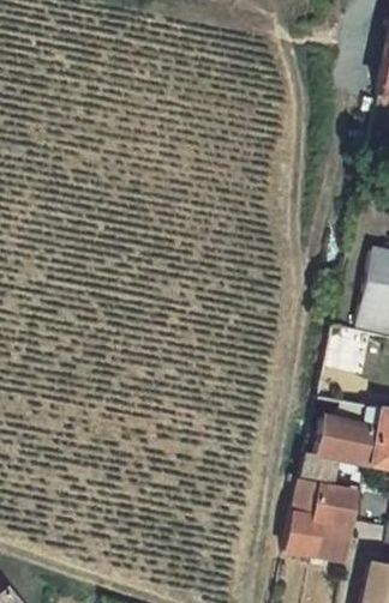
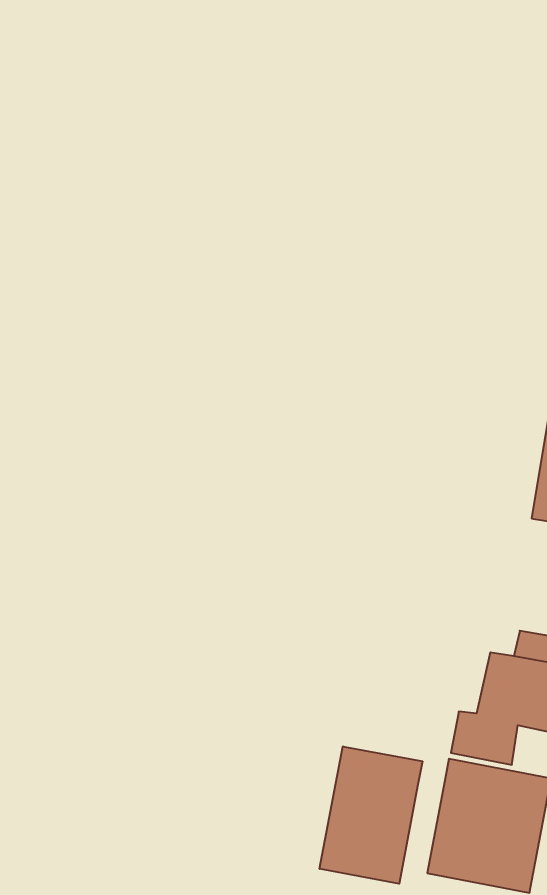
building: none -> [320,746,422,884]

